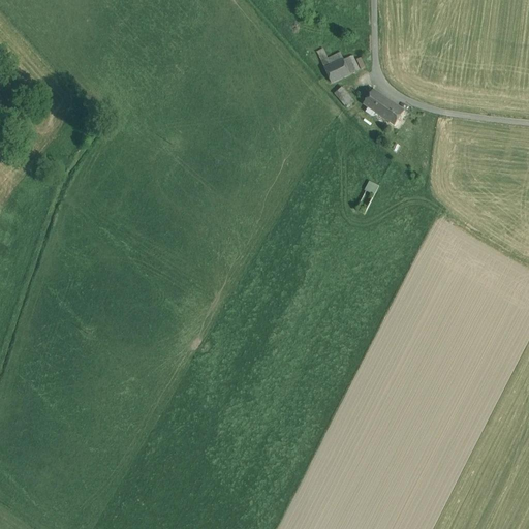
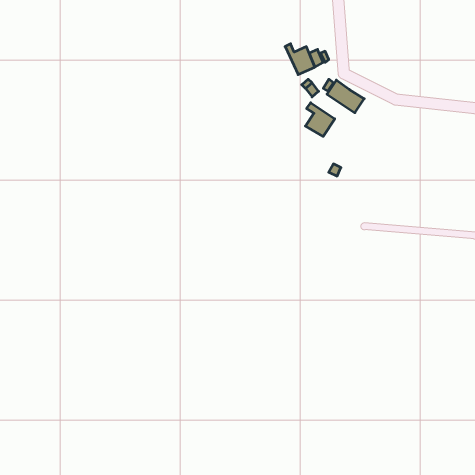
building: none -> [305,103,335,136]

